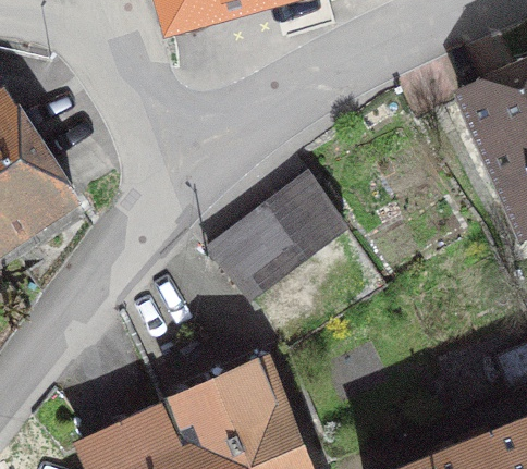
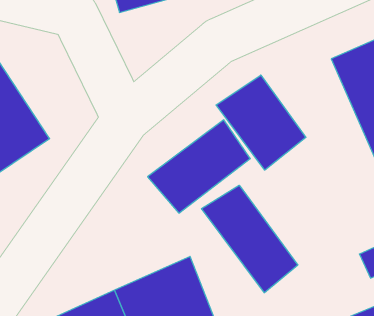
building: none -> [216,75,306,170]
building: none -> [202,185,298,293]

